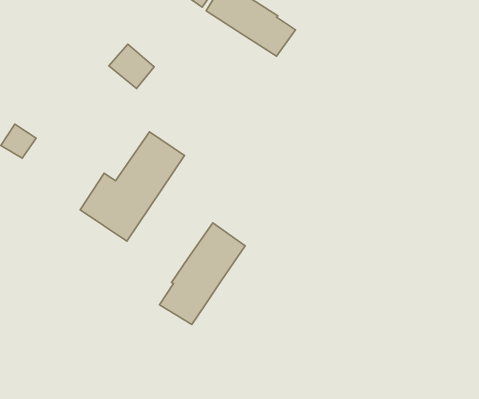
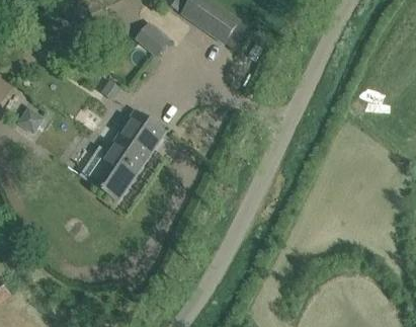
building: [109,44,154,88] -> [134,20,170,56]
building: [159,223,245,325] -> none

